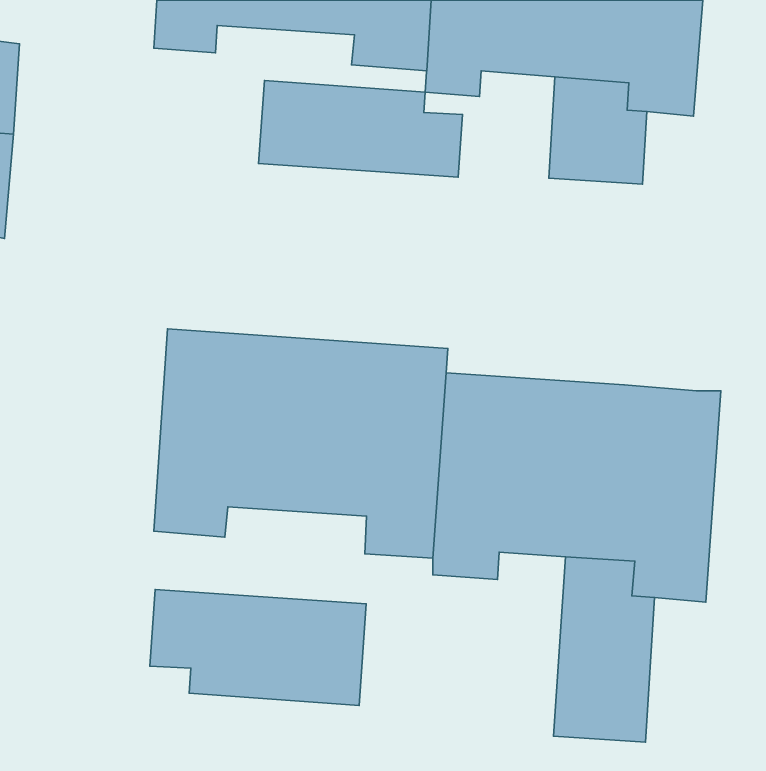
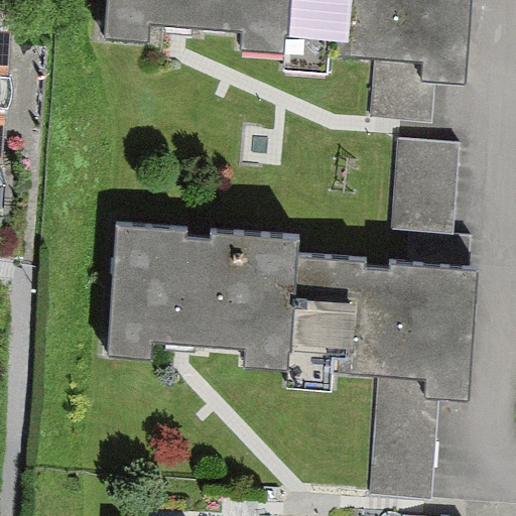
building: [259,80,462,177] -> none
building: none -> [387,138,468,261]
building: [150,589,366,706] -> none

